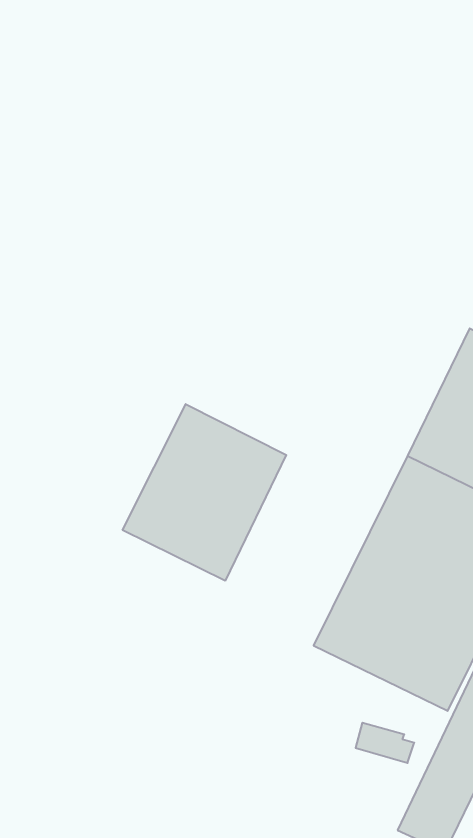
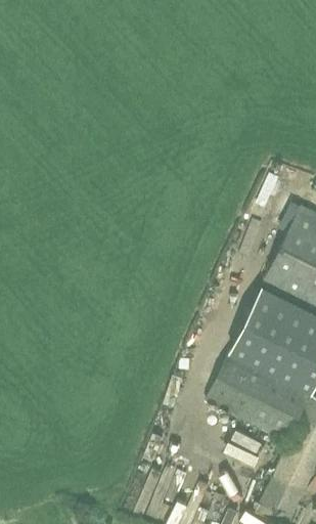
building: [123,404,286,581] -> none

